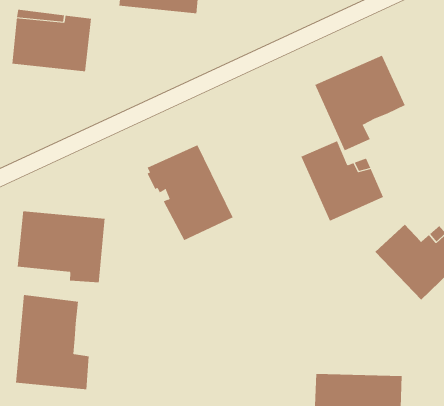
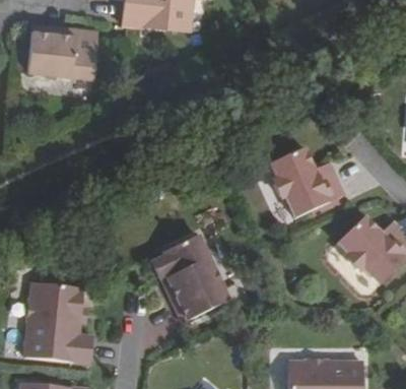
building: [315,55,405,151] -> none
building: [147,144,234,241] -> [153,235,229,319]
building: [17,211,105,283] -> none

